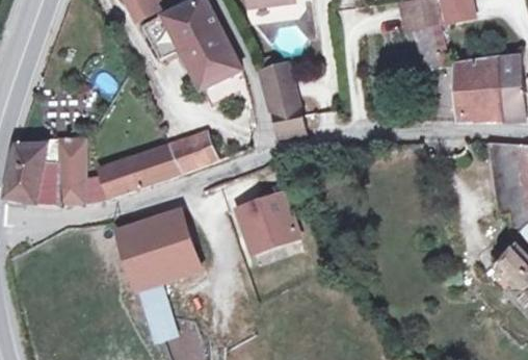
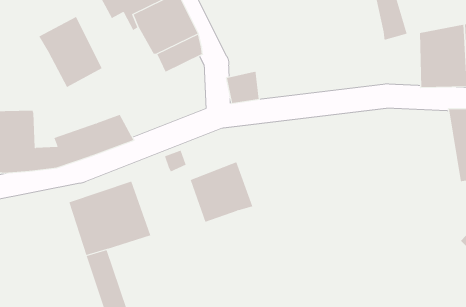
building: none -> [38,16,103,88]
building: [259,59,298,109] -> none
building: [168,133,215,170] -> none

